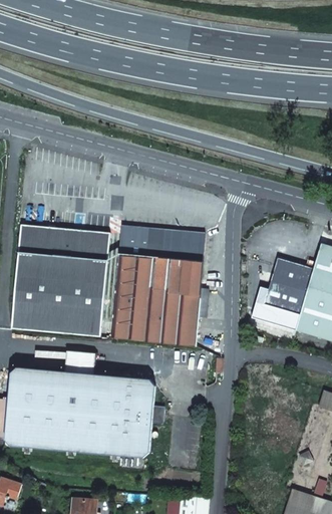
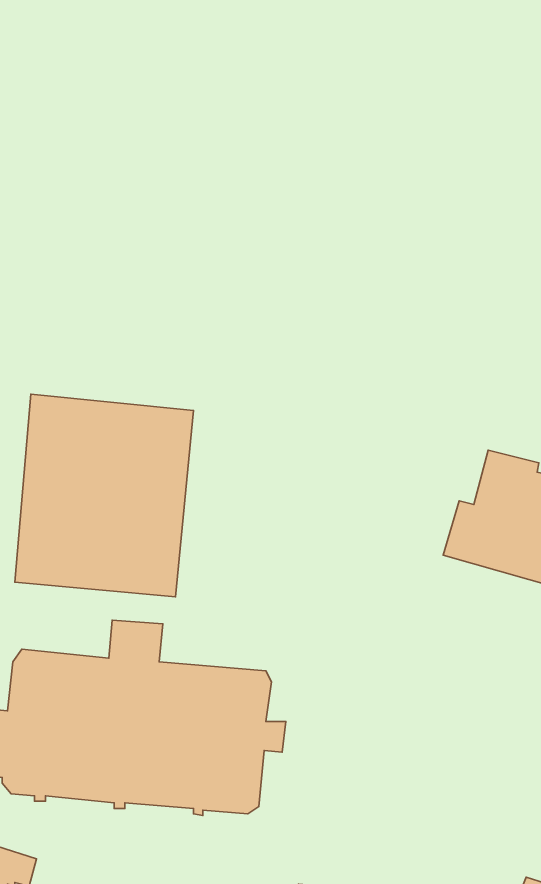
building: [110,228,208,347] -> none

